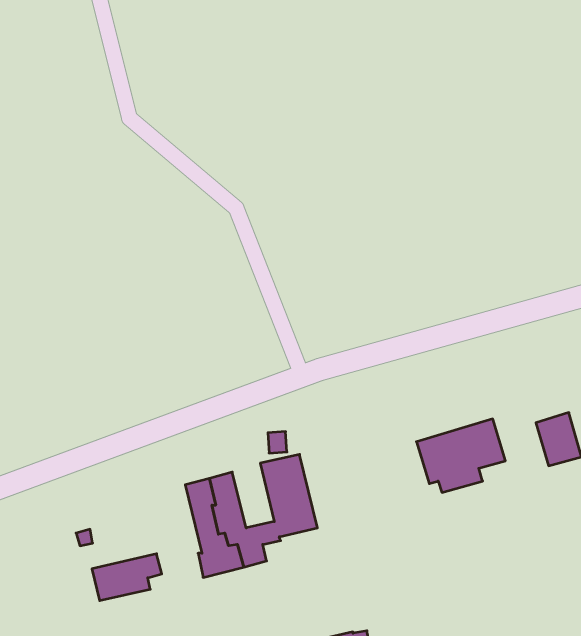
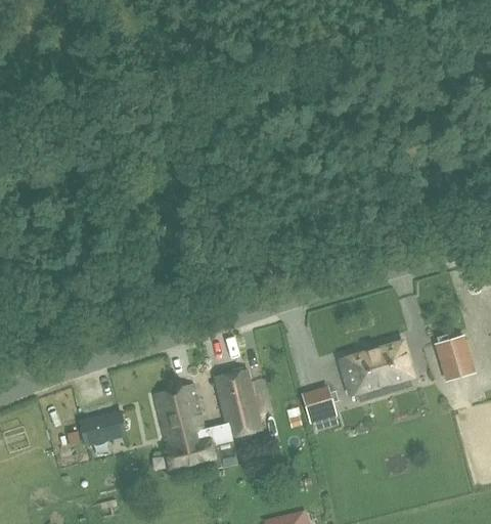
building: none -> [303,388,334,420]
building: [92,554,162,601] -> [78,408,134,446]

